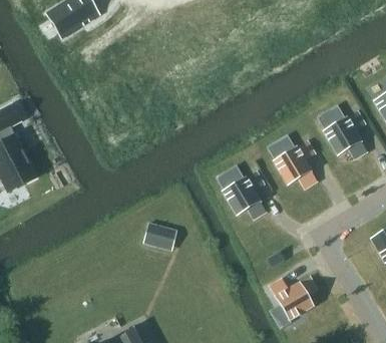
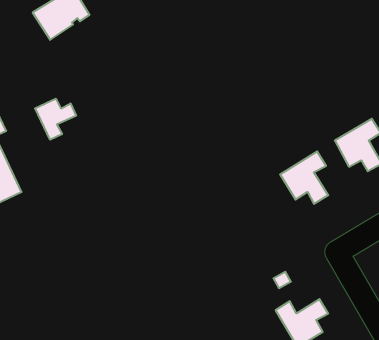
building: none -> [35,99,76,140]
building: [222,172,266,220] -> none
building: [142,222,177,250] -> none

